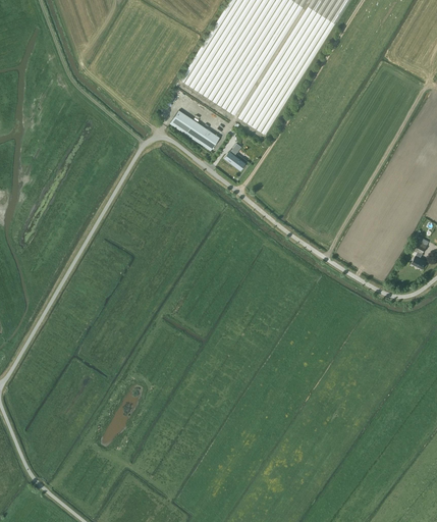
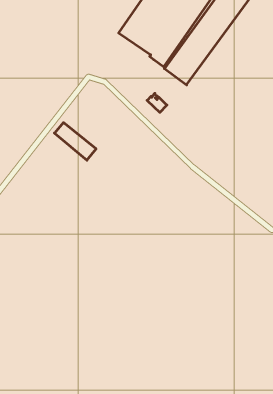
building: [168,109,218,150] -> [54,123,96,160]

